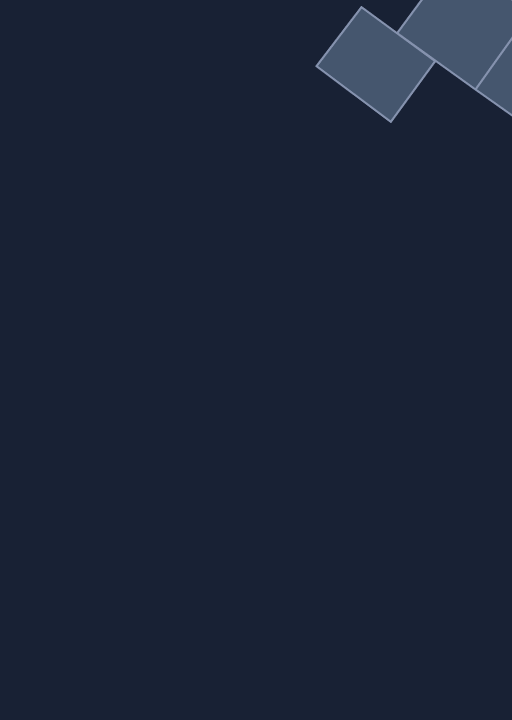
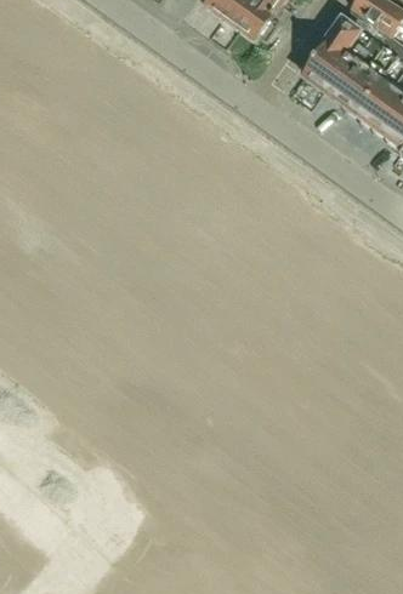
building: [317,7,435,122] -> none

